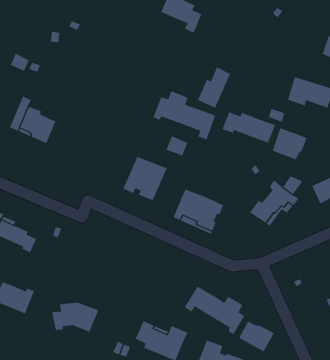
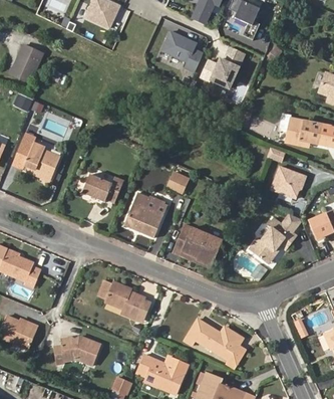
building: none -> [12,44,42,80]
building: [197,67,231,108] -> [210,46,243,87]
building: [153,91,216,140] -> none
building: [222,112,276,144] -> none
building: none -> [82,174,123,204]
building: none -> [107,281,152,322]
building: [239,321,274,352] -> none

